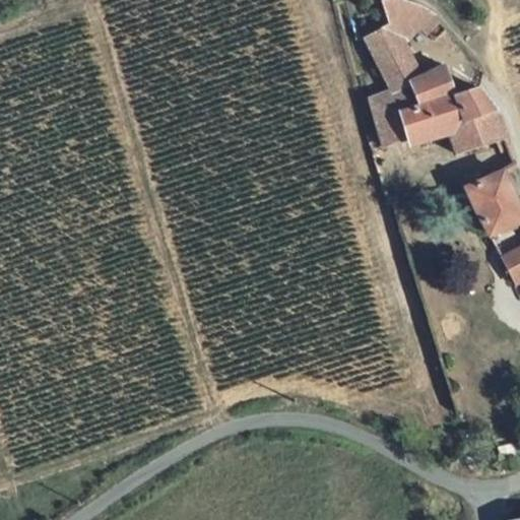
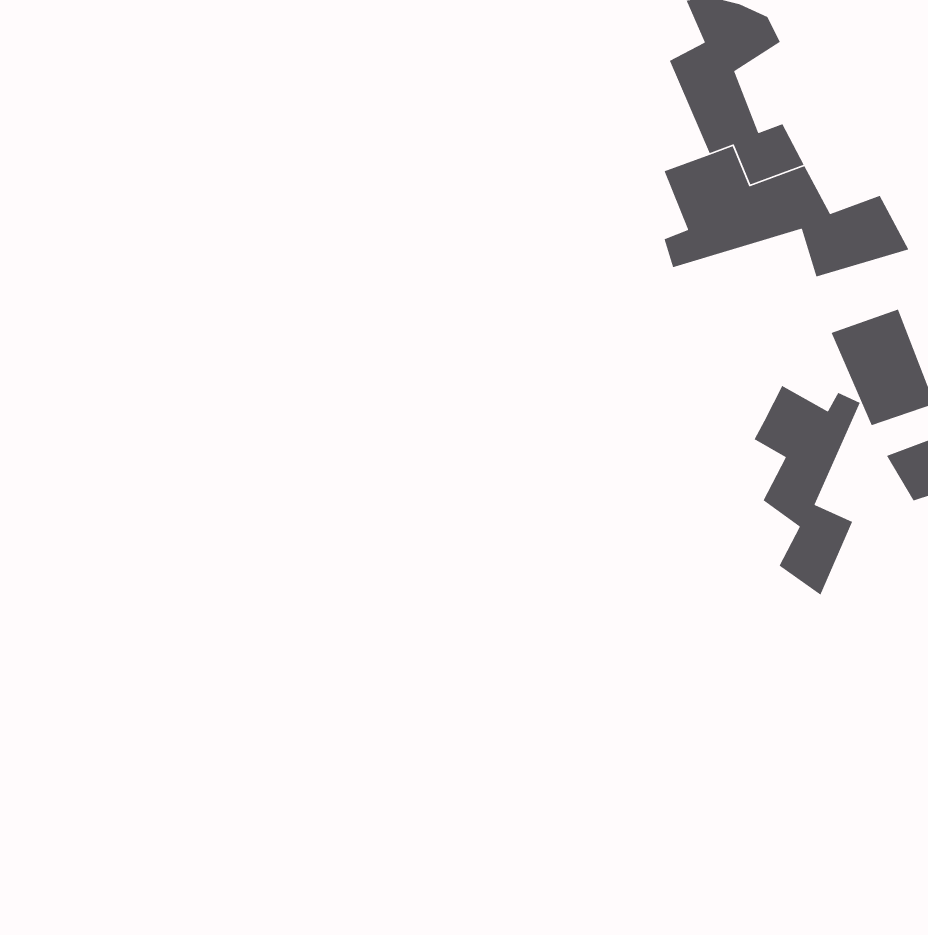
building: [451,82,493,118] -> none
building: none -> [753,385,861,596]

